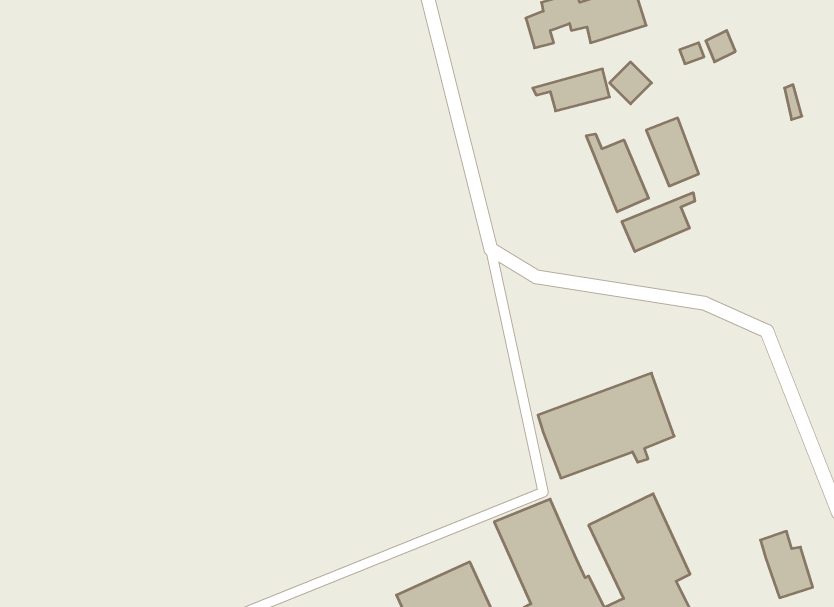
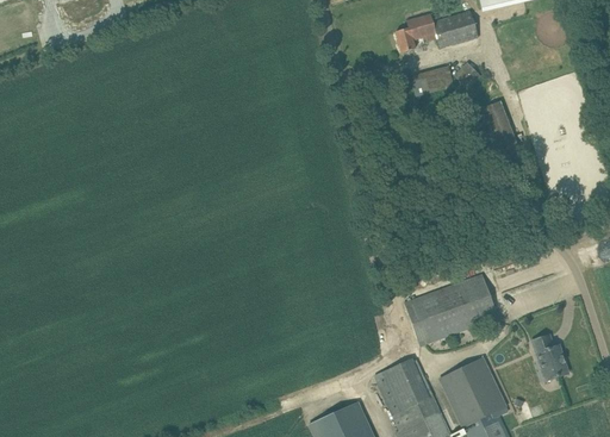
building: [586,134,649,212] -> none
building: [622,193,695,252] -> none
building: [760,531,813,598] -> [531,335,567,380]

